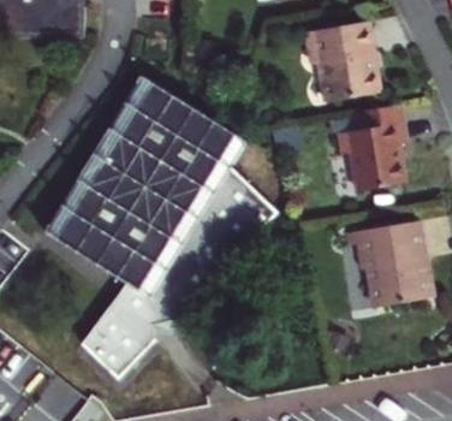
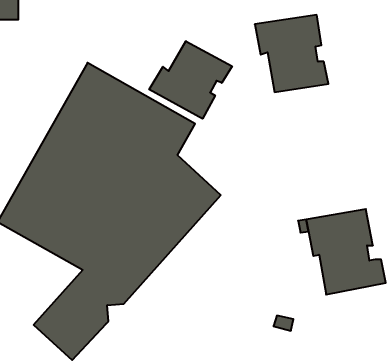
building: none -> [149,41,232,119]
building: [341,105,409,191] -> none

